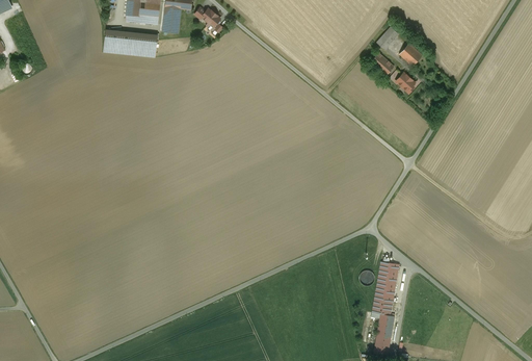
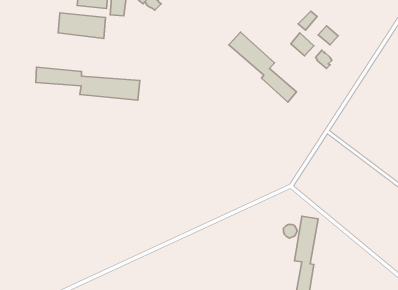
building: none -> [229,32,296,102]
building: none -> [36,67,140,100]

